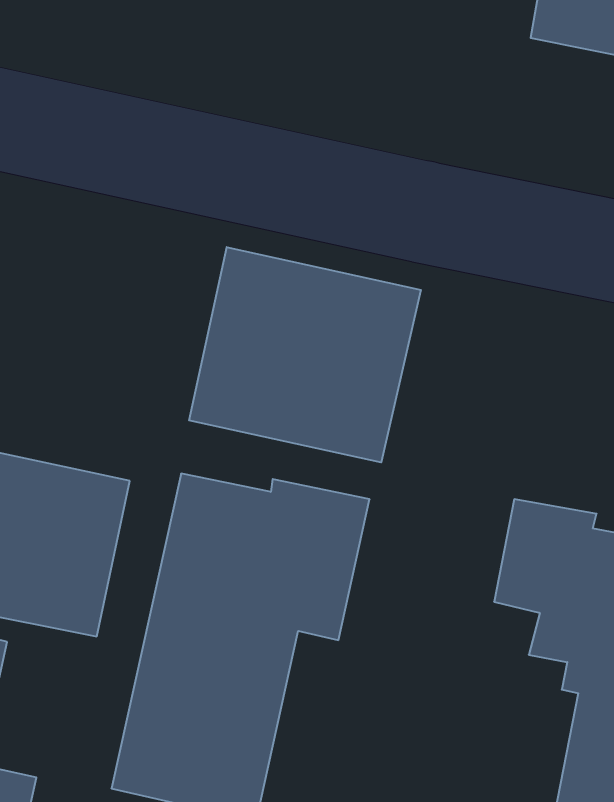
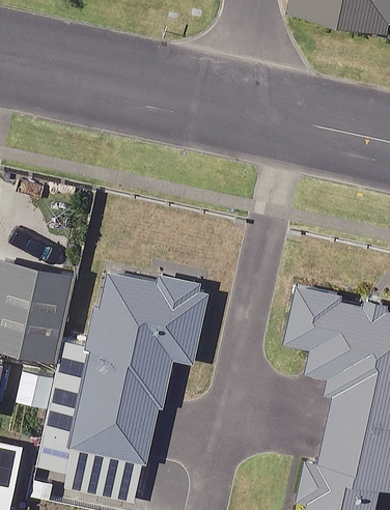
building: [189,247,421,462] -> none

